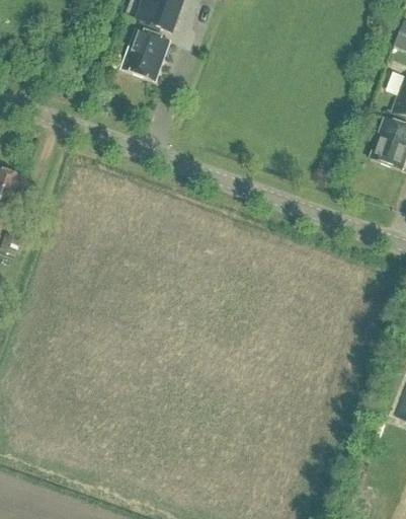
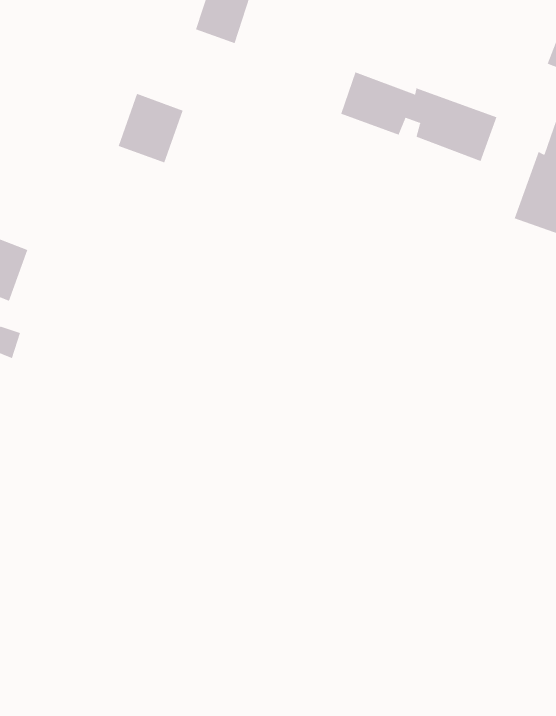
building: [121,28,168,78] -> [118,93,183,163]
building: none -> [341,71,497,162]

